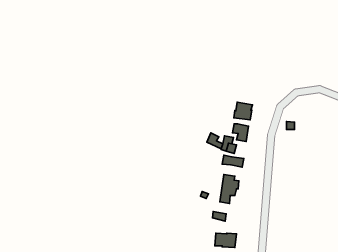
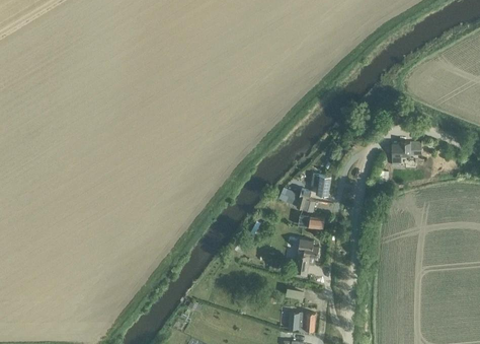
building: none -> [391,142,421,165]
building: [234,102,252,120] -> none

